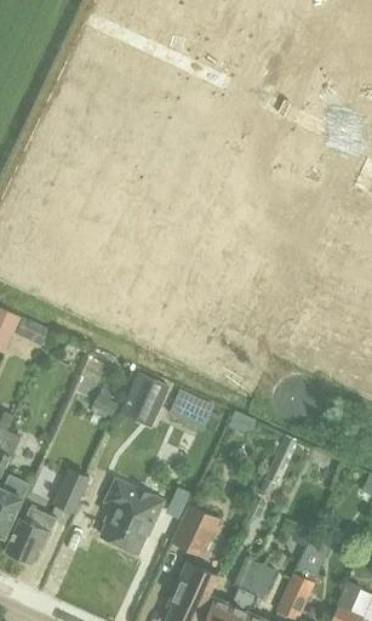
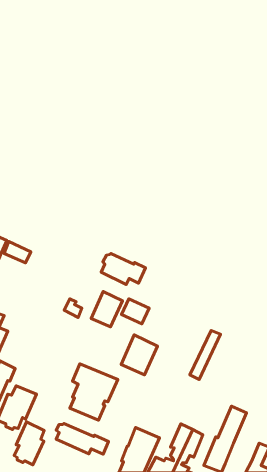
building: none -> [101,253,145,285]
building: [53,468,90,513] -> none
building: [171,505,218,557] -> [121,335,157,375]
building: none -> [14,422,44,465]
building: none -> [56,424,109,454]

